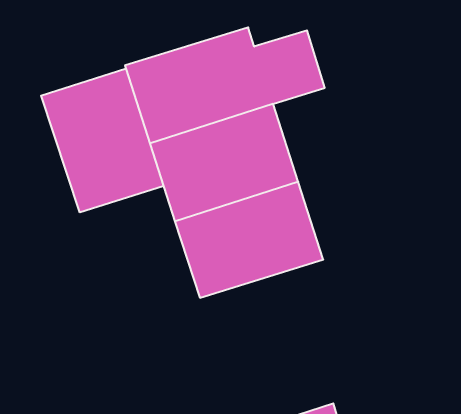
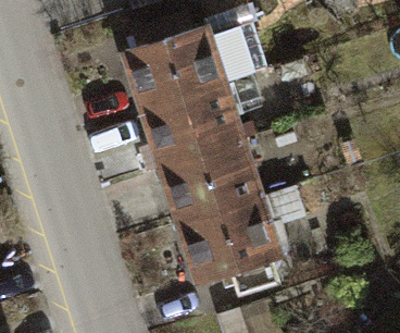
building: [41,68,163,212] -> none
building: none -> [175,197,284,297]

